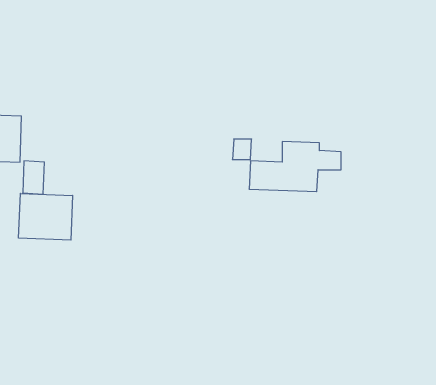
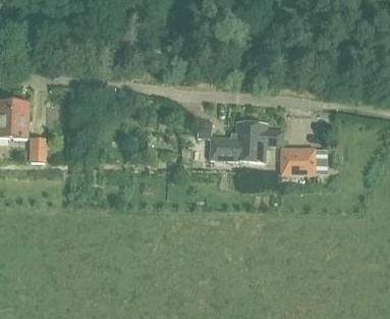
building: none -> [280,148,327,176]
building: [19,193,73,240] -> none

